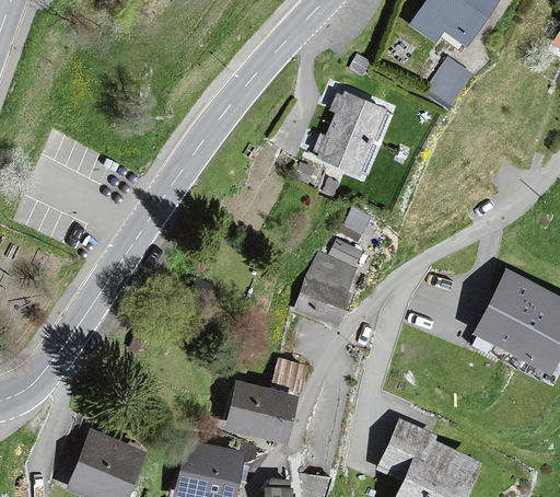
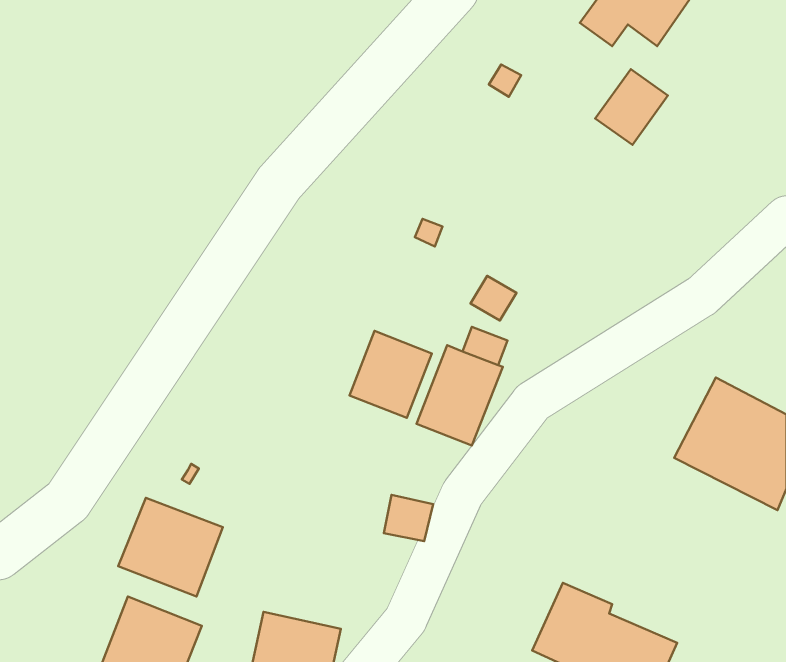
building: [312,92,384,173] -> none
building: none -> [349,331,432,418]
building: none -> [118,498,223,597]
building: [229,384,295,439] -> none

